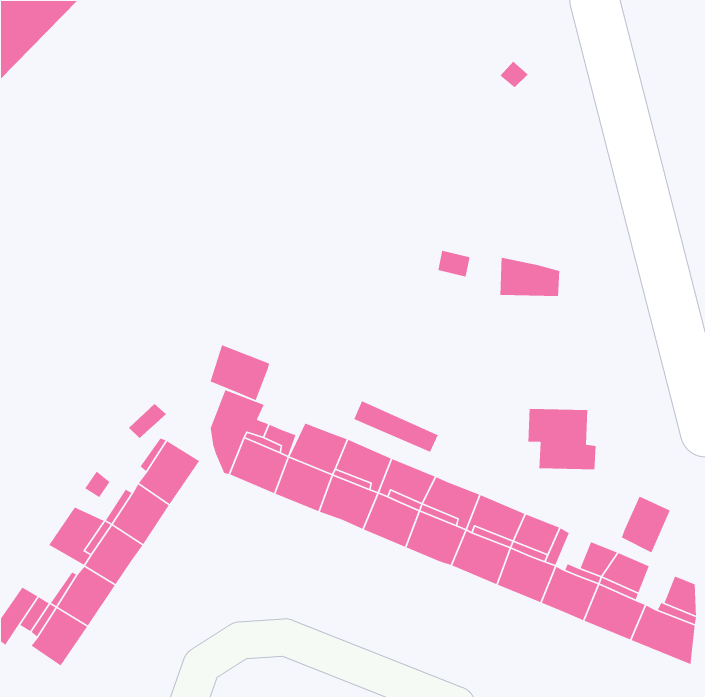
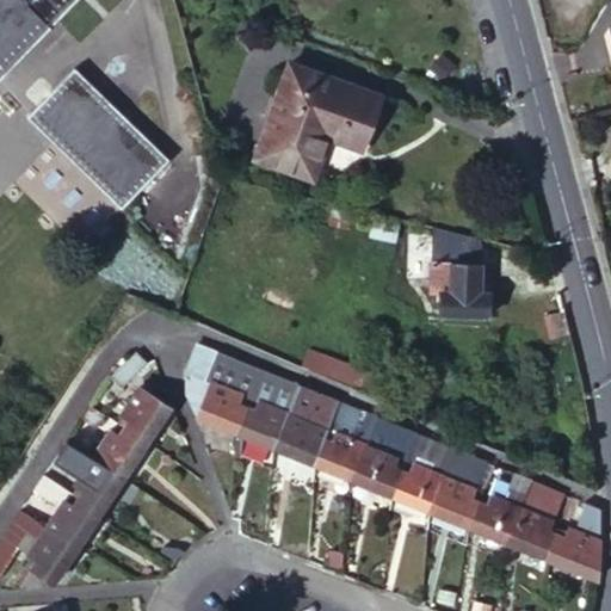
building: none -> [26,67,168,206]
building: none -> [260,67,383,180]
building: [209,344,270,401] -> none
building: [528,408,597,470] -> [431,263,490,316]
building: [621,496,671,553] -> none

